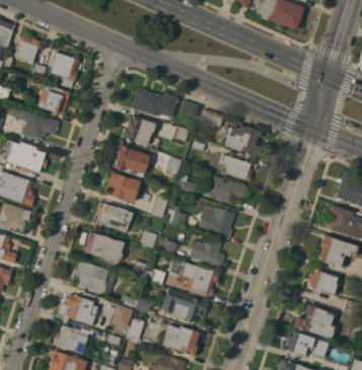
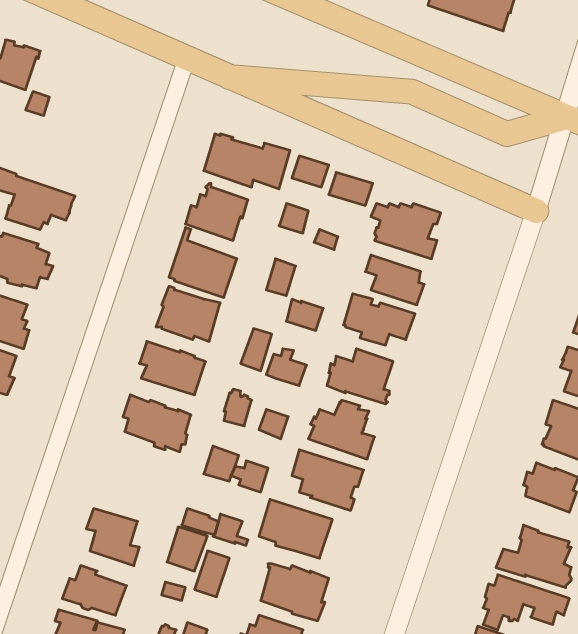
building: [50,52,79,81] -> none
building: [38,84,70,115] -> none
building: [75,261,108,293] -> none

